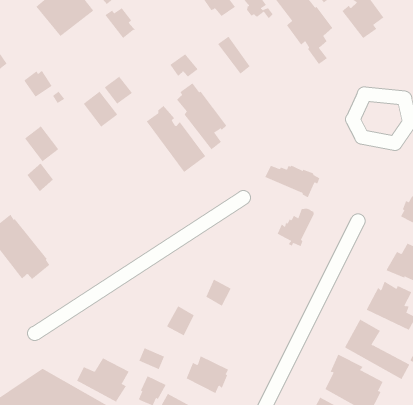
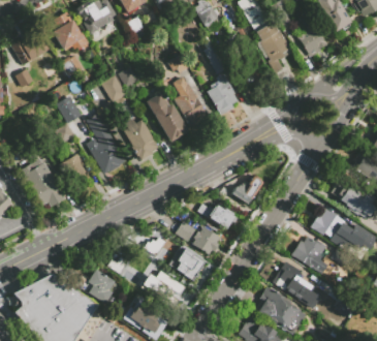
building: none -> [53,11,91,51]
building: none -> [208,76,239,116]
building: none -> [87,114,127,175]
building: none -> [124,119,159,160]
building: [265,164,320,198] -> [197,204,238,230]
building: none -> [59,154,86,182]
building: none -> [193,226,221,254]
building: none -> [169,245,207,281]

